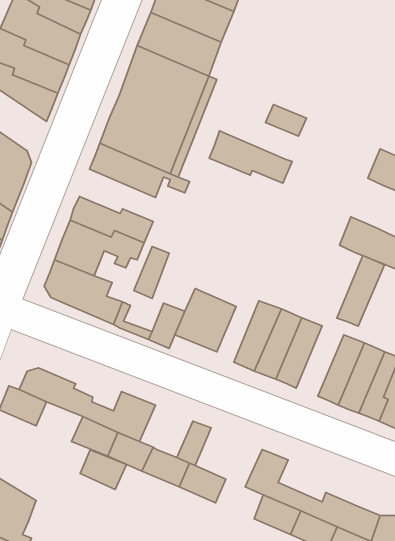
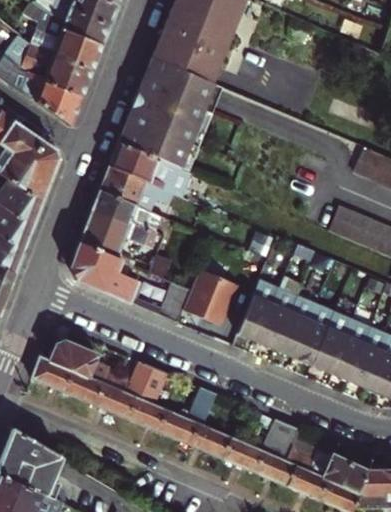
building: [209,131,292,183] -> [101,164,174,210]
building: [337,256,384,326] -> [292,302,334,364]
building: [80,450,127,489] -> [63,369,104,404]
building: none -> [221,437,263,472]

